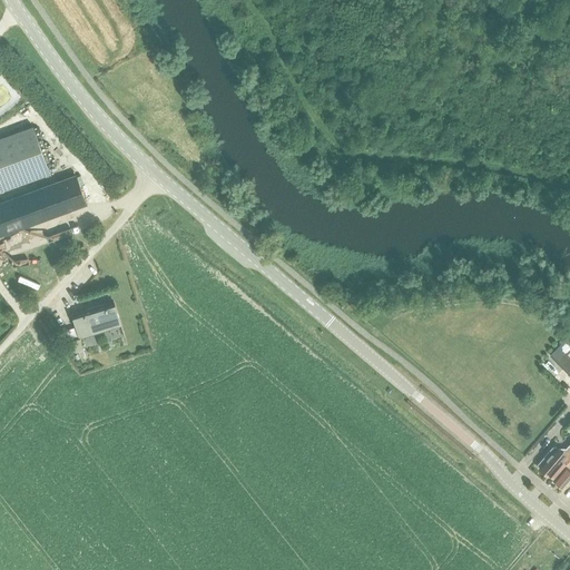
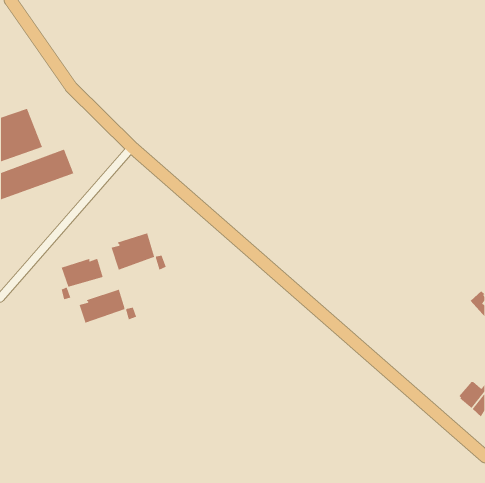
building: none -> [111,232,167,270]
building: none -> [79,289,137,324]

